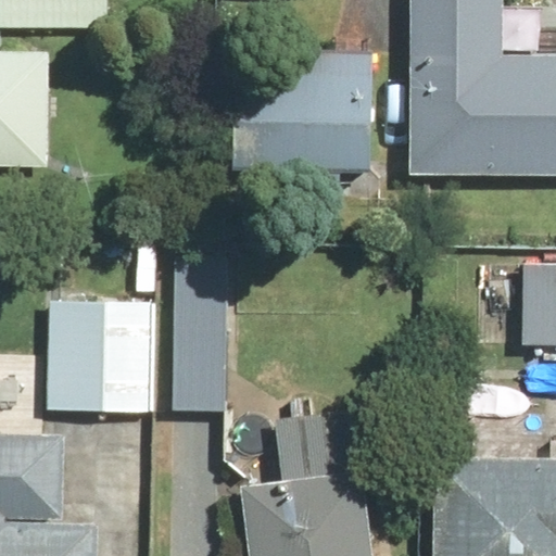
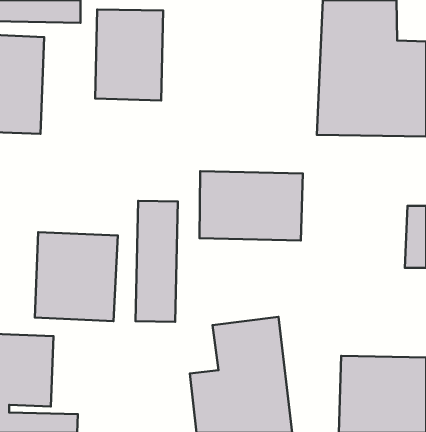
building: none -> [95,10,163,100]
building: [236,50,376,173] -> none
building: none -> [199,171,303,241]

